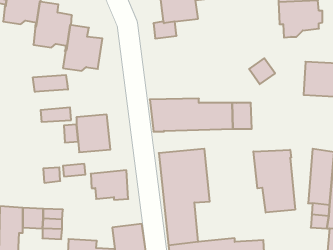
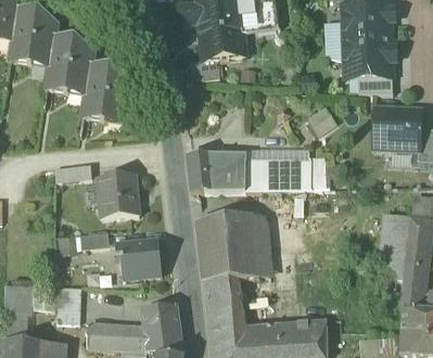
building: none -> [358,66,393,92]
building: [33,75,68,92] -> none
building: [253,150,295,213] -> none

